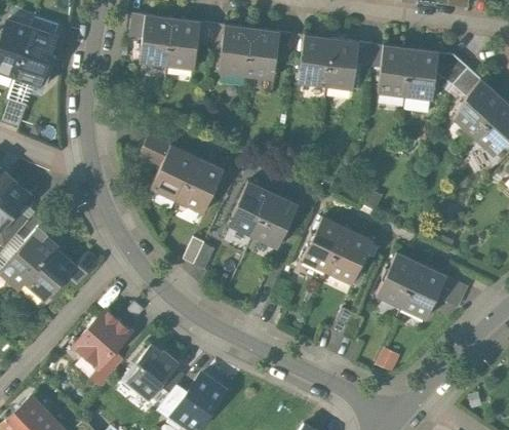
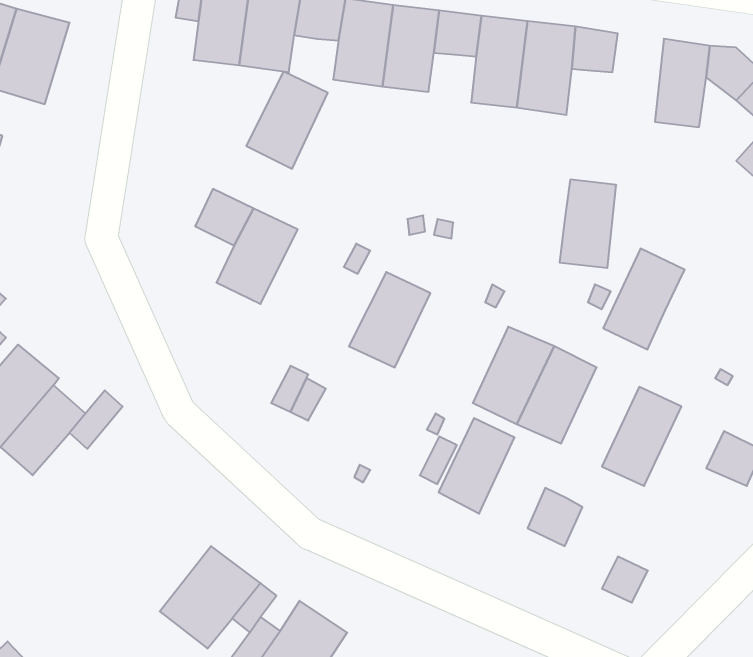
building: [378,45,410,96] -> [560,180,616,268]
building: [177,159,224,216] -> [246,72,328,169]
building: [254,196,299,251] -> [439,418,515,514]
building: [399,262,446,320] -> [603,249,685,349]
building: [68,305,133,370] -> none

